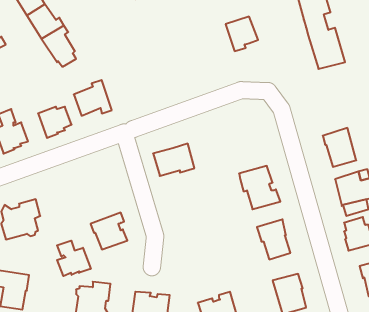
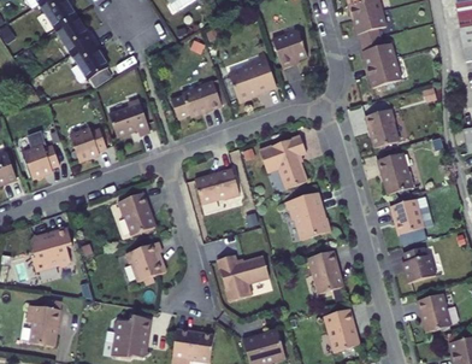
building: none -> [229,57,276,102]
building: none -> [170,80,222,119]
building: none -> [364,107,397,147]
building: none -> [259,135,307,188]
building: none -> [118,193,155,236]
building: none -> [217,253,269,300]
building: [57,241,91,276] -> none

